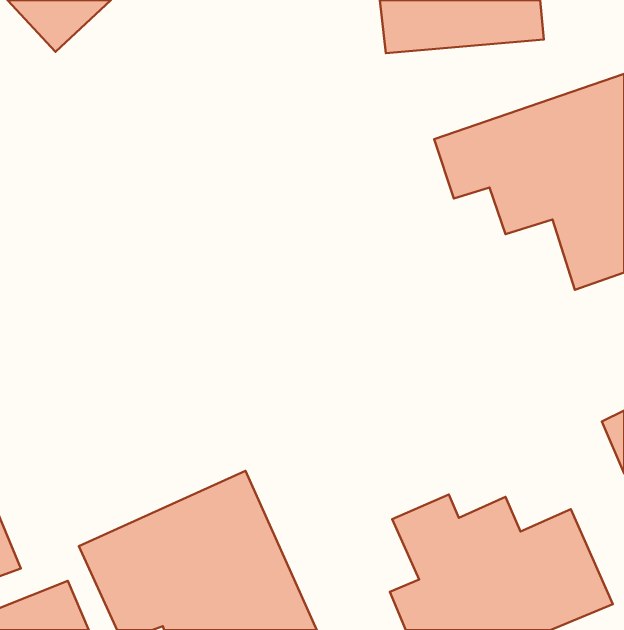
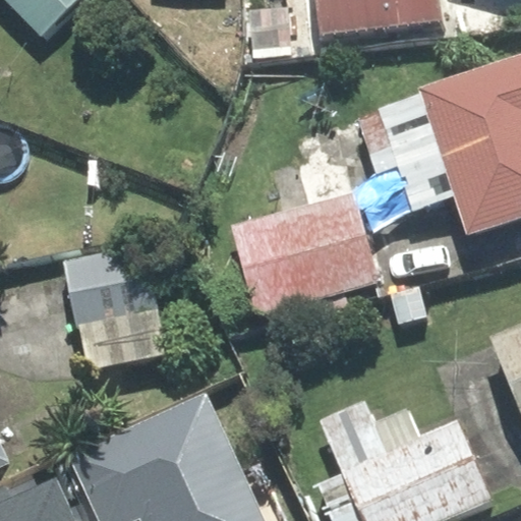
building: none -> [233,187,392,323]
building: none -> [60,241,171,375]

